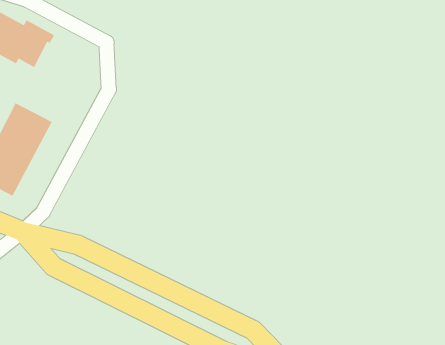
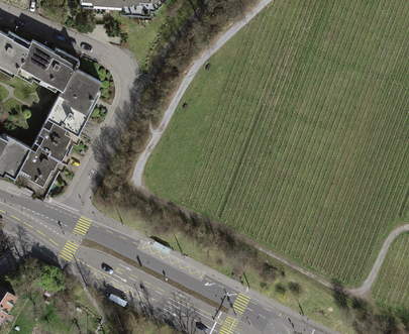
building: none -> [46,68,101,134]

